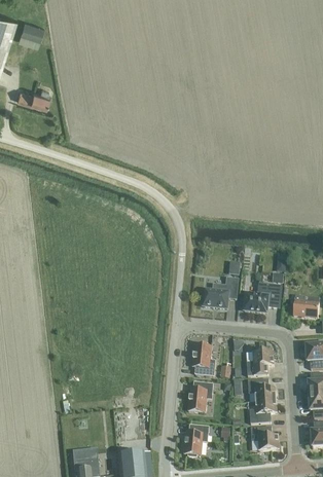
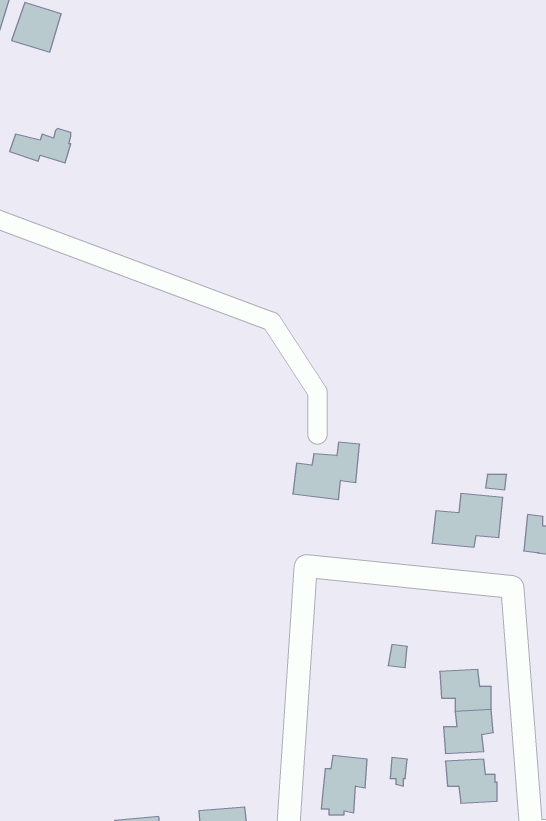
building: [202,277,238,307] -> [293,442,360,500]
building: [191,341,214,374] -> none
building: [246,350,273,374] -> none
building: [187,380,212,411] -> none

